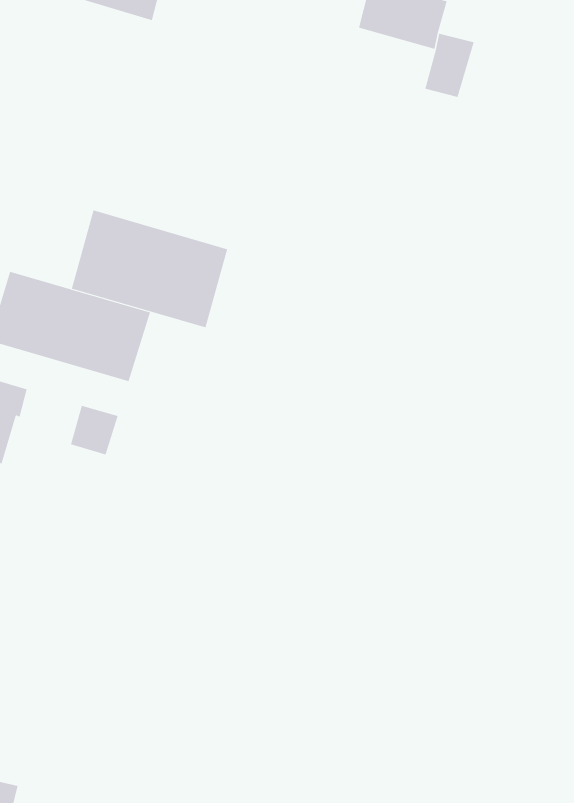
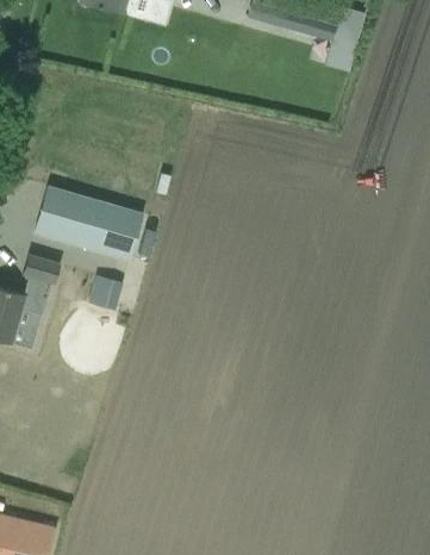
building: [71,210,228,328] -> none

